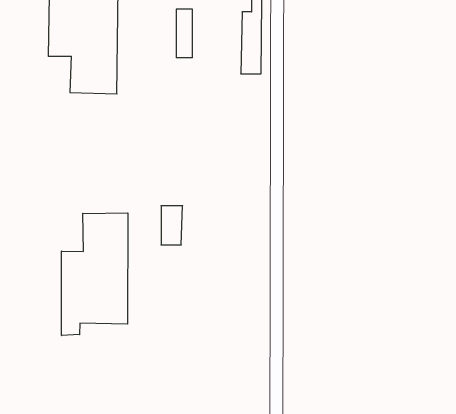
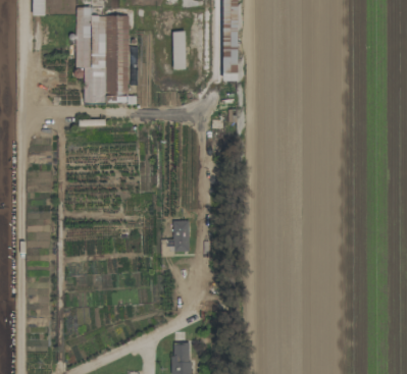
building: [161,206,183,245] -> [173,222,190,252]
building: [62,213,128,336] -> none

